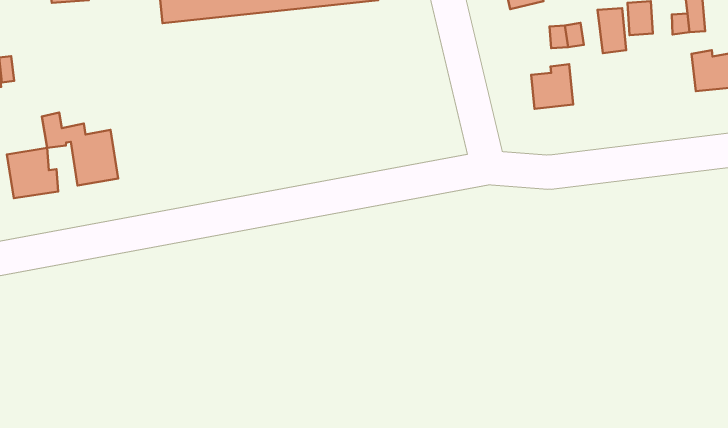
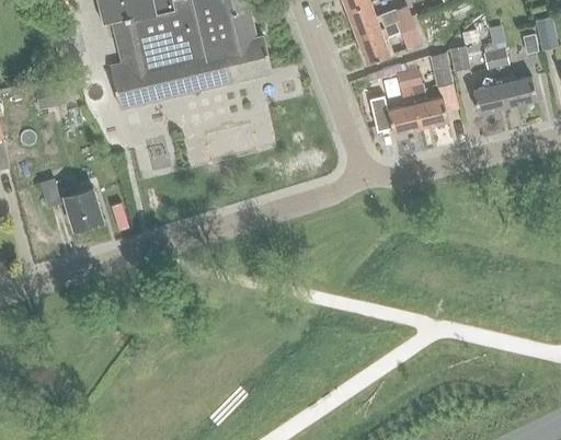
building: none -> [471,79,506,113]
building: none -> [413,94,446,126]
building: [7,148,58,198] -> none

